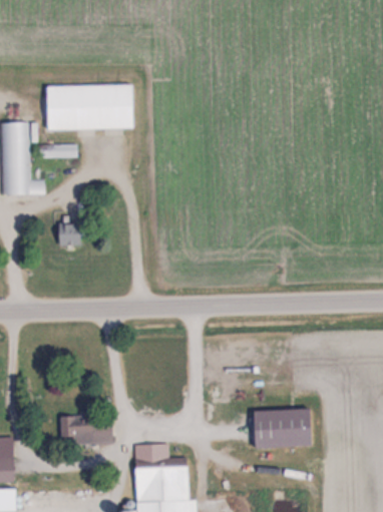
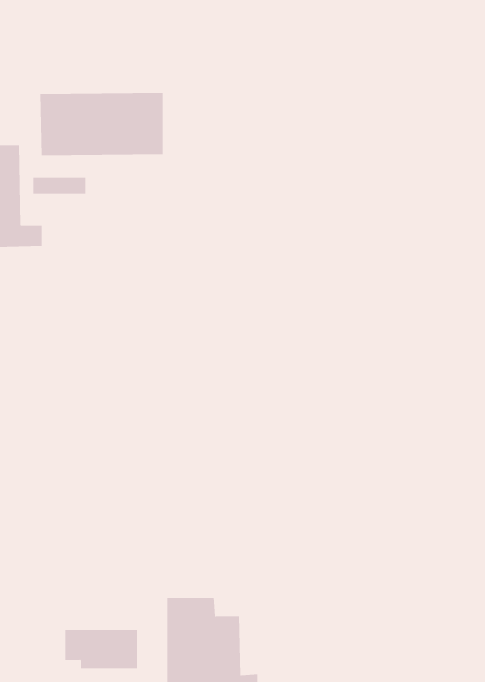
building: [57,222,81,246] -> none
building: [251,408,309,447] -> none
building: [60,415,112,443] -> [65,629,138,669]

